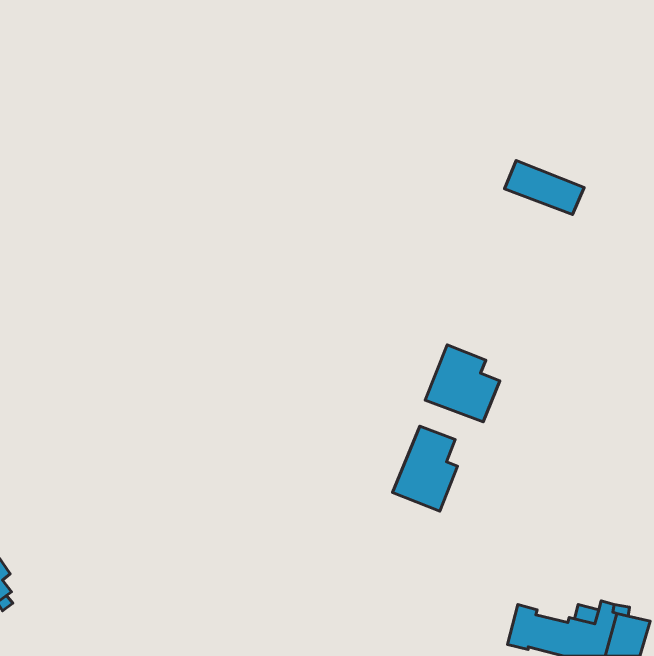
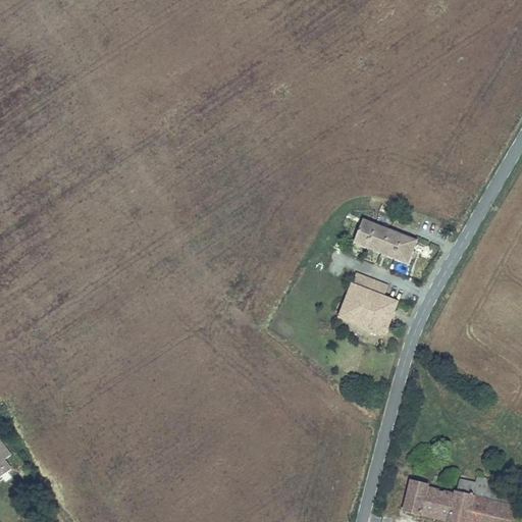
building: [505,161,584,215] -> [352,219,415,262]
building: [393,426,457,511] -> none

